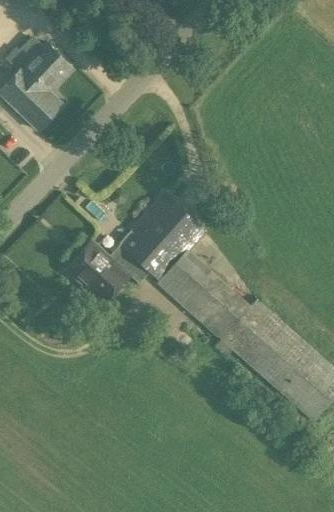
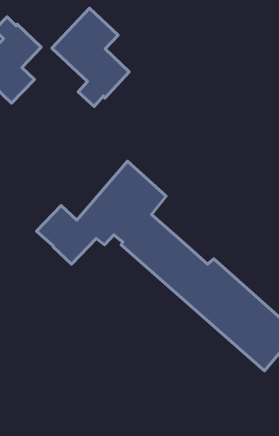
building: none -> [52,8,129,106]

